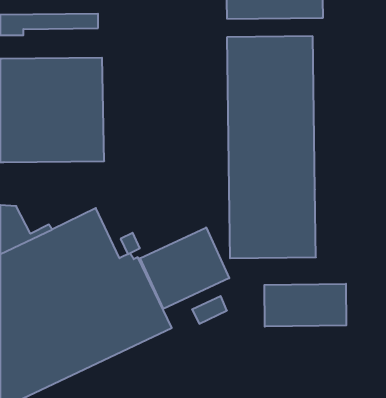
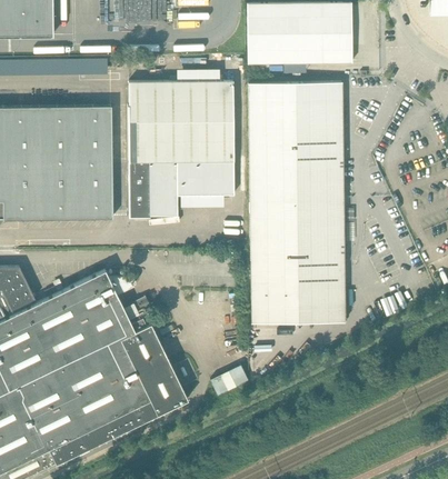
building: none -> [128,80,233,217]
building: [140,227,229,309] -> none
building: [264,284,346,327] -> none

